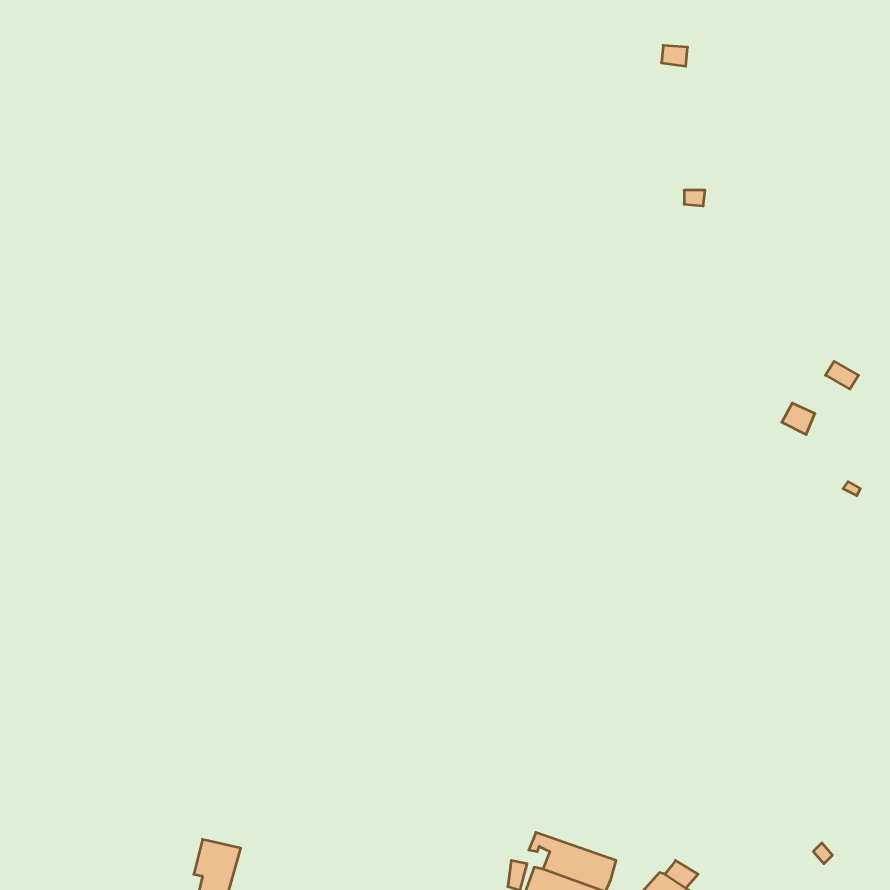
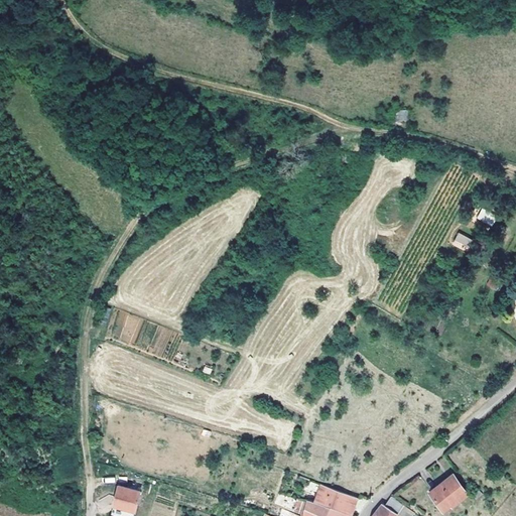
building: none -> [429,476,467,511]

